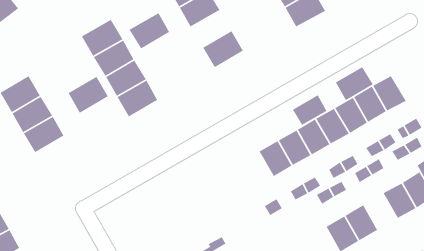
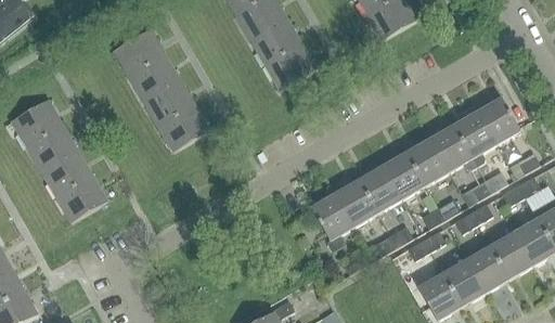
building: [129,12,170,49] -> [249,17,301,64]
building: [335,66,374,101] -> none
building: [67,76,109,114] -> [55,175,107,222]
building: [292,94,328,126] -> none
building: none -> [311,194,353,251]
building: none -> [466,246,508,293]

